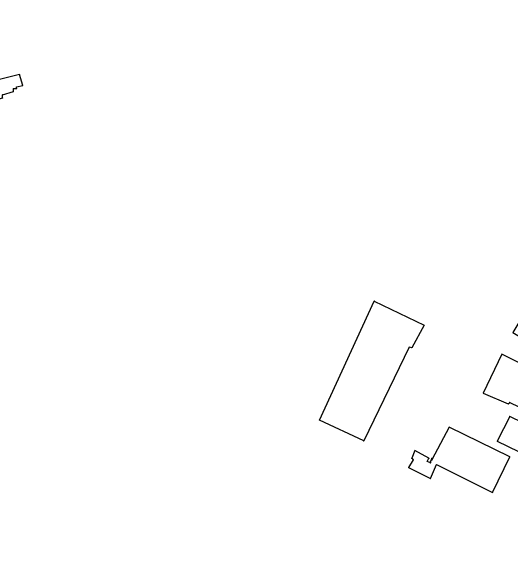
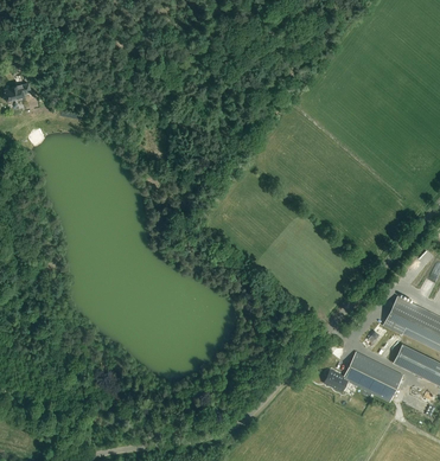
building: [319,301,424,441] -> none

